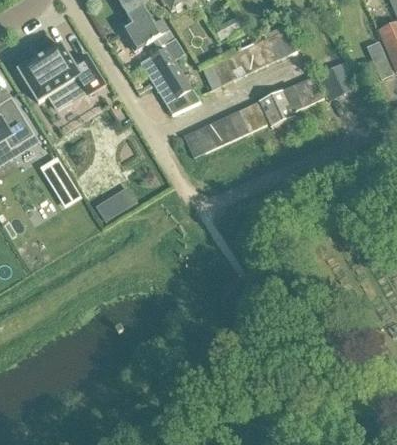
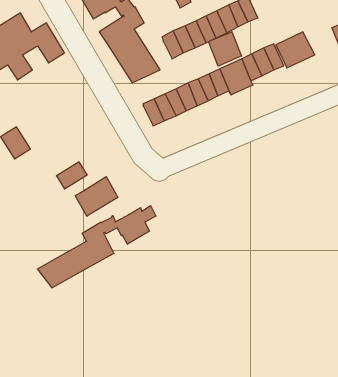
building: none -> [209,32,242,66]
building: none -> [75,177,118,216]
building: none -> [37,206,156,288]

